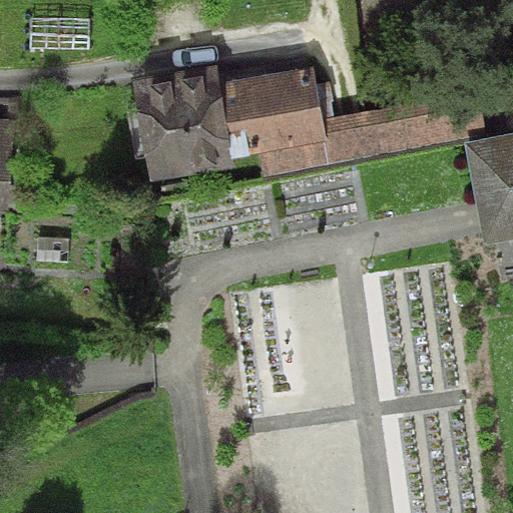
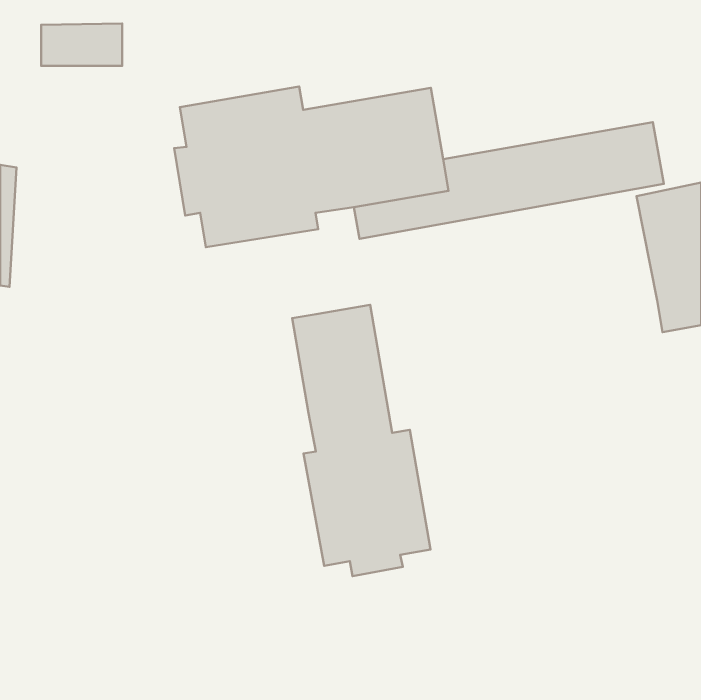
building: none -> [292,305,430,576]

